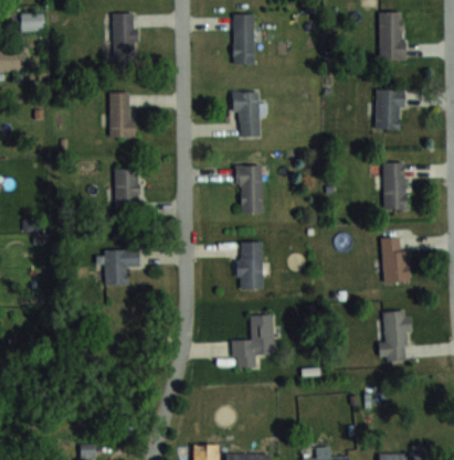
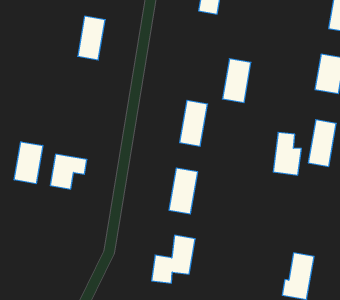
building: [234,92,258,137] -> [222,59,251,103]
building: [115,169,138,205] -> none
building: [381,237,411,282] -> [273,132,301,175]
building: none -> [14,142,43,184]

